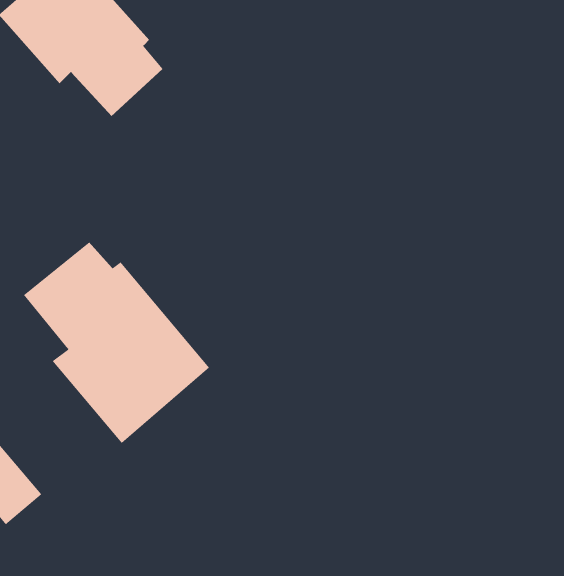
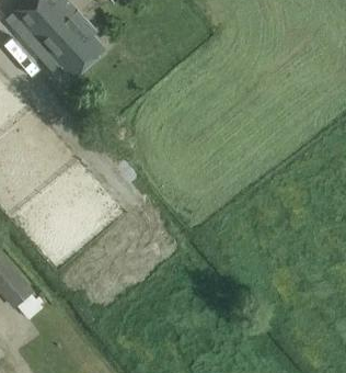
building: [23,241,210,444] -> none

